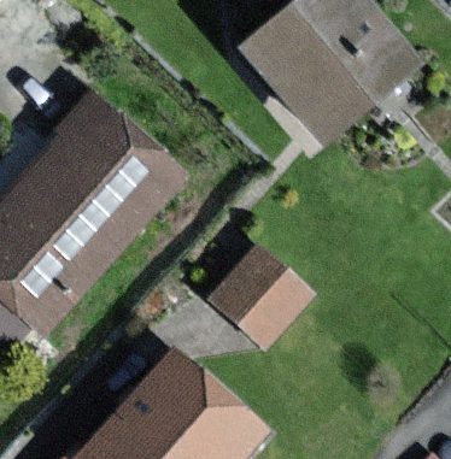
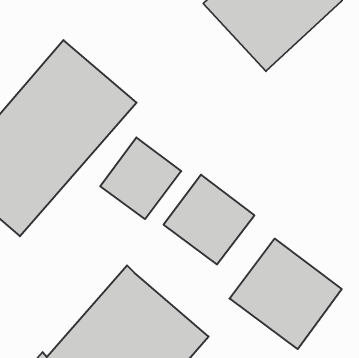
building: none -> [100,137,181,219]
building: none -> [229,239,342,349]

